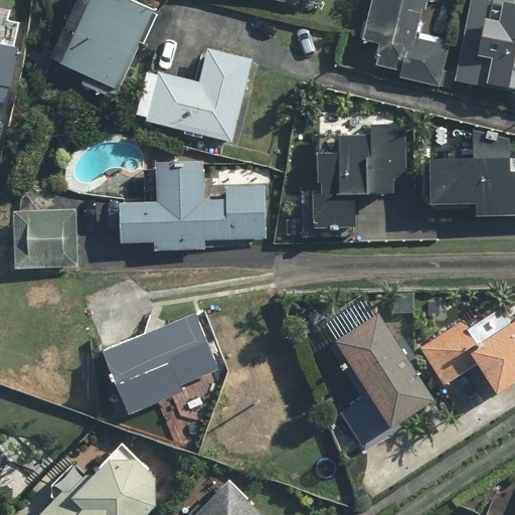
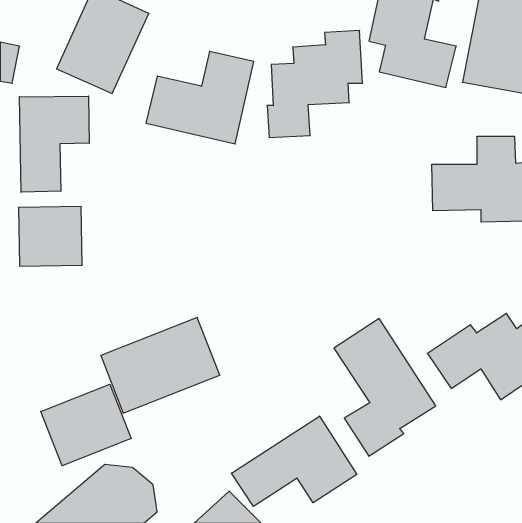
building: none -> [19,96,89,192]
building: [311,125,404,229] -> [267,31,363,137]
building: [120,164,265,250] -> none
building: none -> [41,384,131,466]
building: none -> [231,416,357,506]

